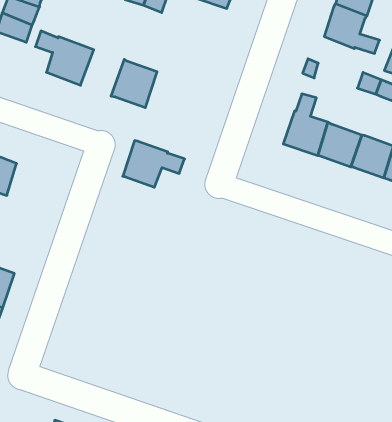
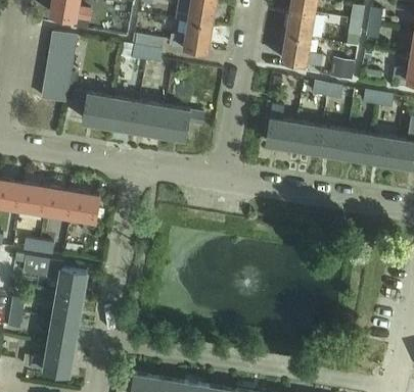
building: none -> [109,99,138,131]
building: [123,141,185,187] -> [159,107,202,139]
building: none -> [70,192,99,235]

